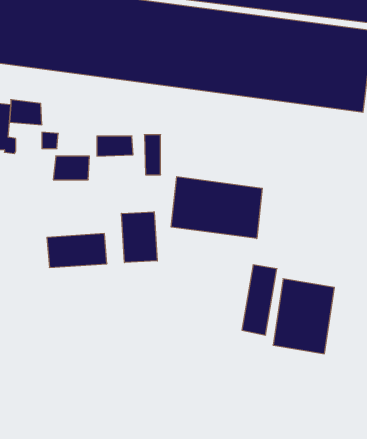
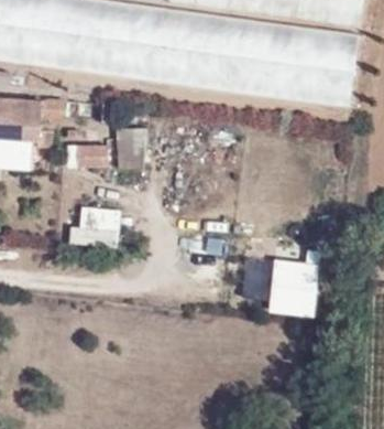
building: [171,177,262,239] -> none
building: [121,212,157,263] -> none

